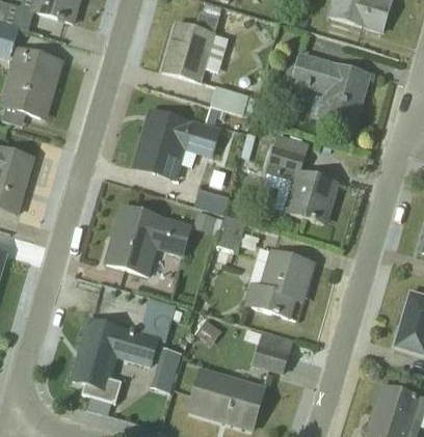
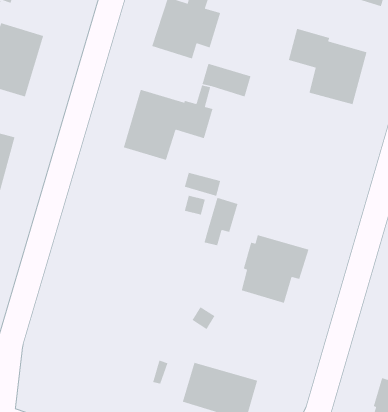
building: [263,133,335,221] -> none
building: [106,207,190,274] -> none
building: [72,297,176,402] -> none
building: [251,332,290,370] -> none

